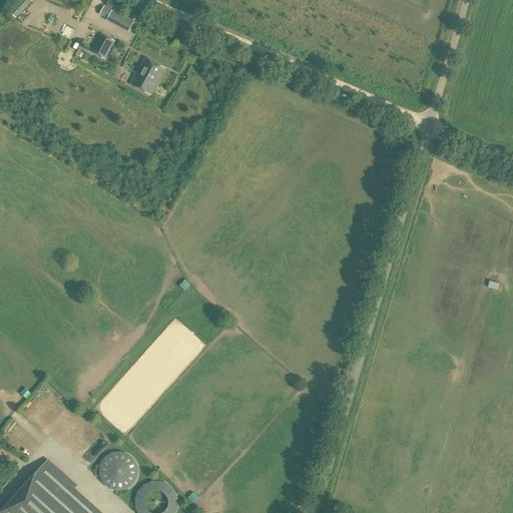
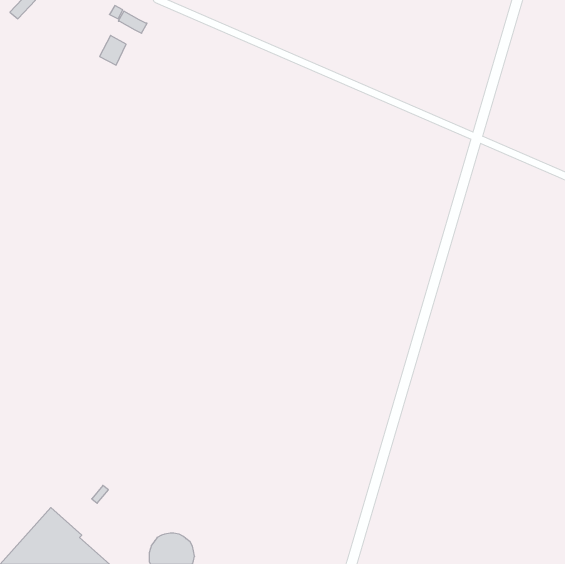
building: [130,56,164,94] -> none
building: [99,451,138,490] -> none

